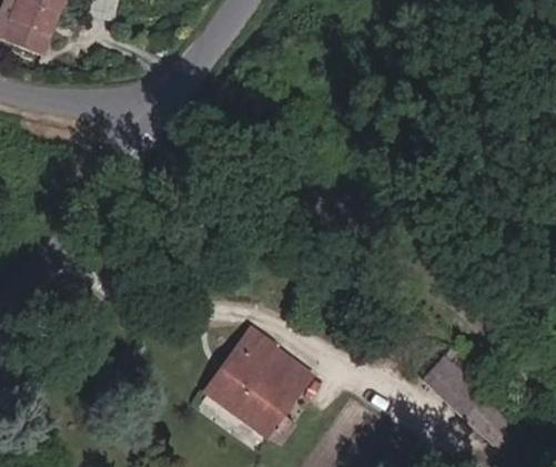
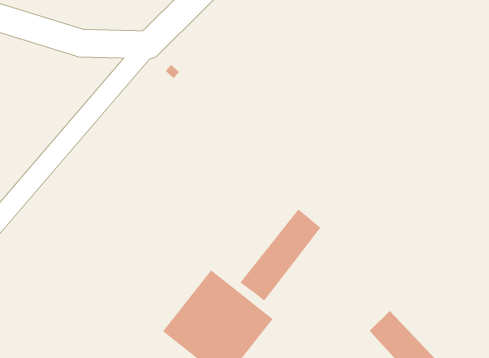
building: none -> [240,209,321,302]

